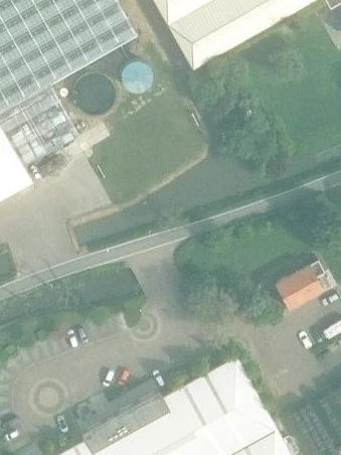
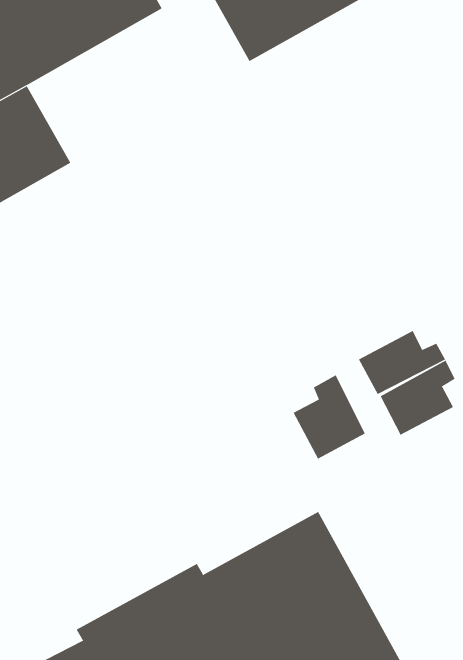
building: none -> [358,330,446,395]
building: none -> [293,375,366,460]

